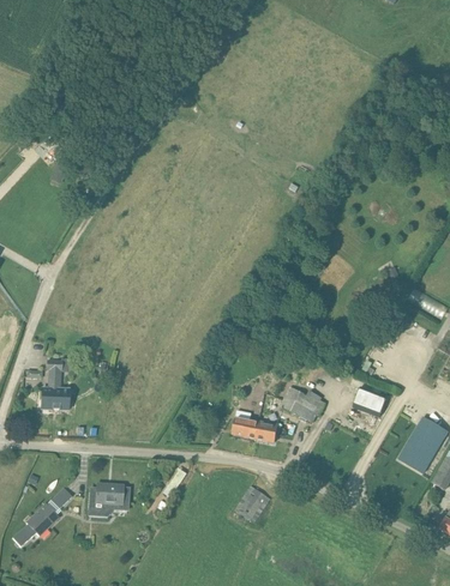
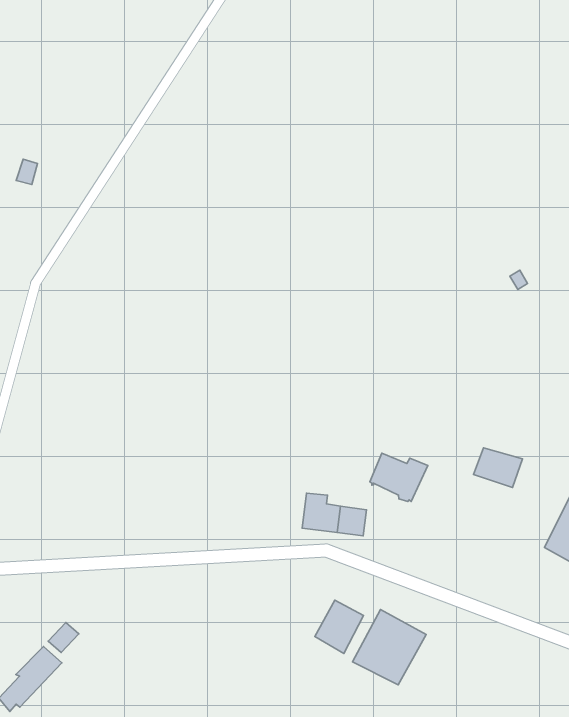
building: [41,357,71,409] -> none
building: [89,483,128,509] -> none
building: none -> [353,609,426,685]

